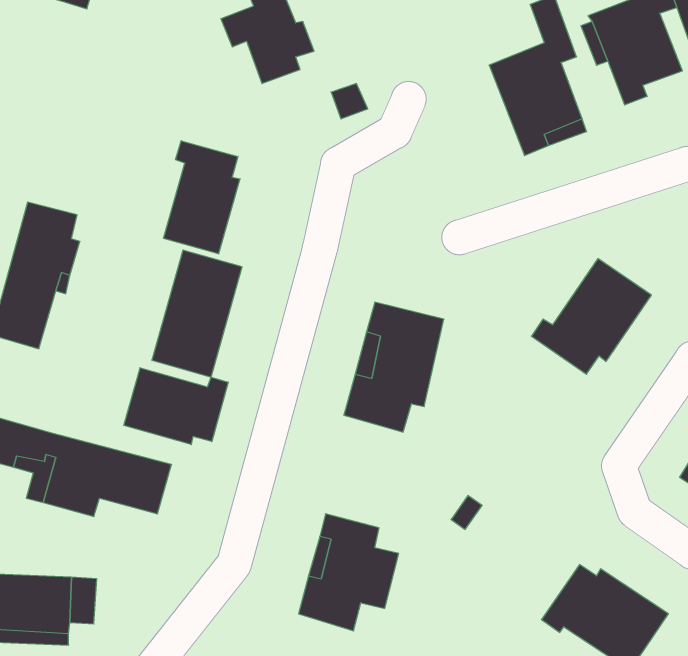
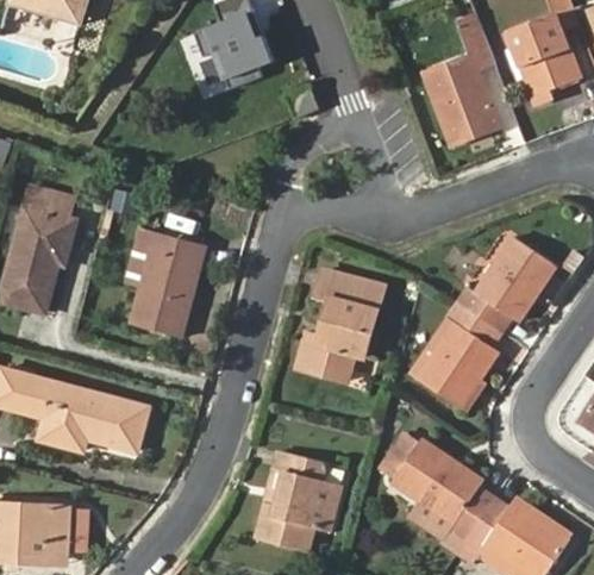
building: [164,141,240,254] -> none
building: none -> [417,301,501,407]
building: [124,368,228,445] -> none
building: none -> [390,437,495,540]

